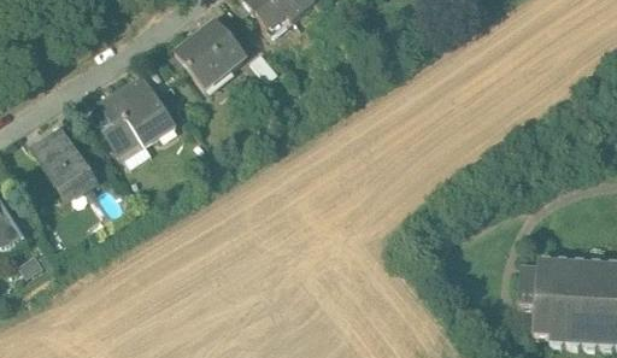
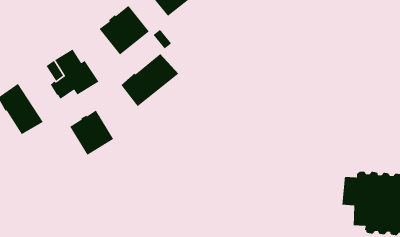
building: none -> [120,53,179,107]
building: none -> [69,110,114,156]

